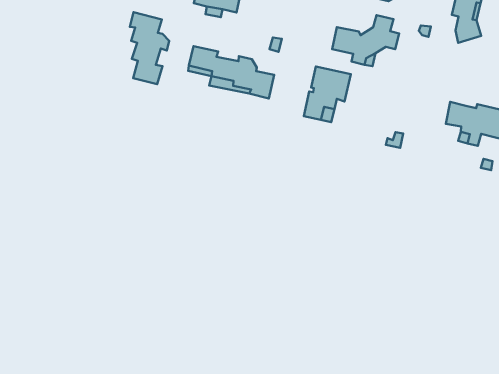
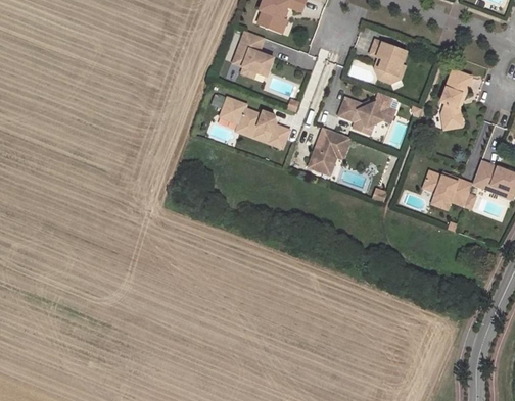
building: [130,12,169,84] -> none

